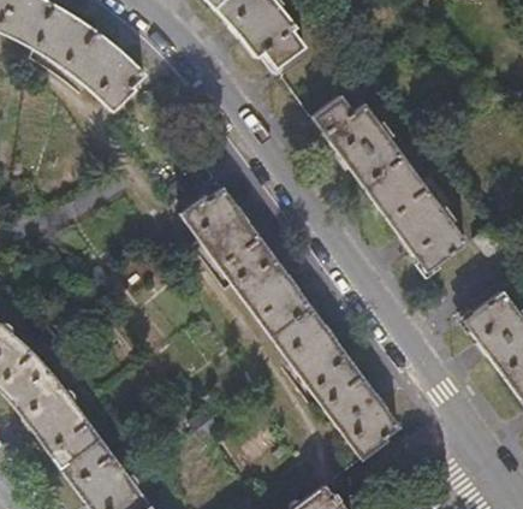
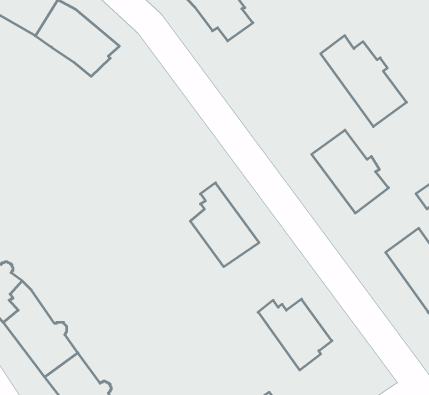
building: [314,95,416,203] -> [321,36,407,127]
building: [183,188,262,283] -> none
building: [272,308,364,391] -> none

